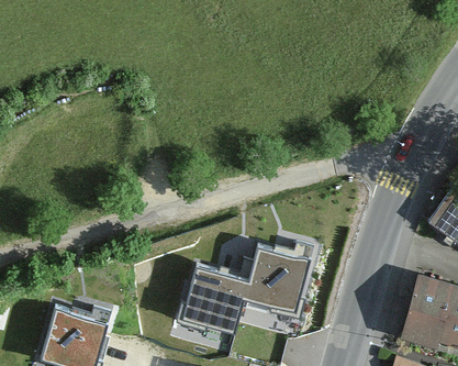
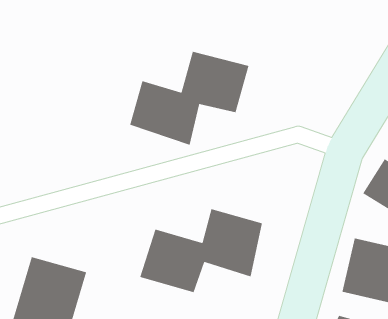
building: none -> [129,51,249,146]

